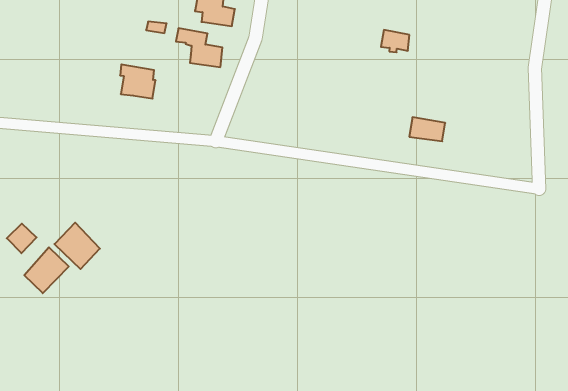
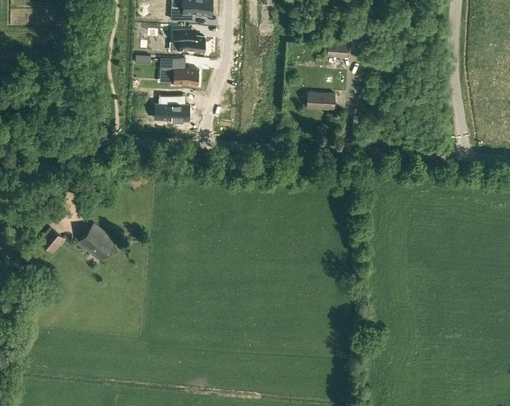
building: [120,64,156,99] -> [159,95,188,120]
building: [409,117,445,141] -> [306,92,334,109]
building: [24,247,69,293] -> none

